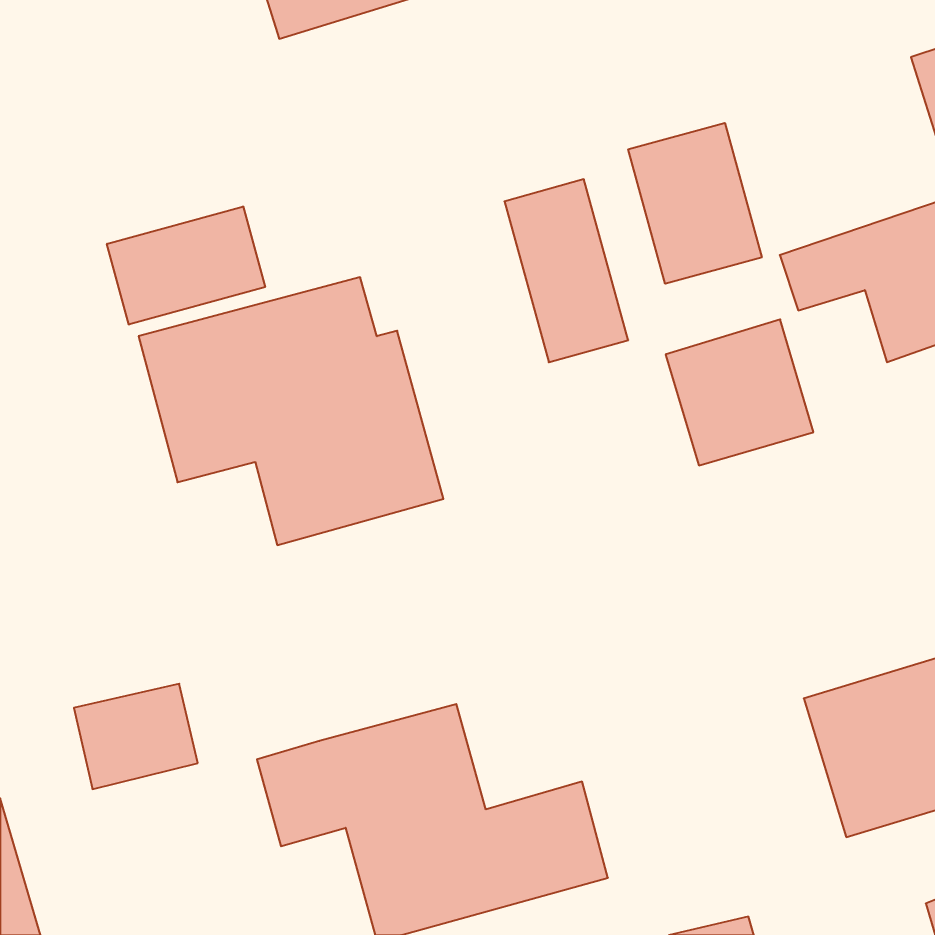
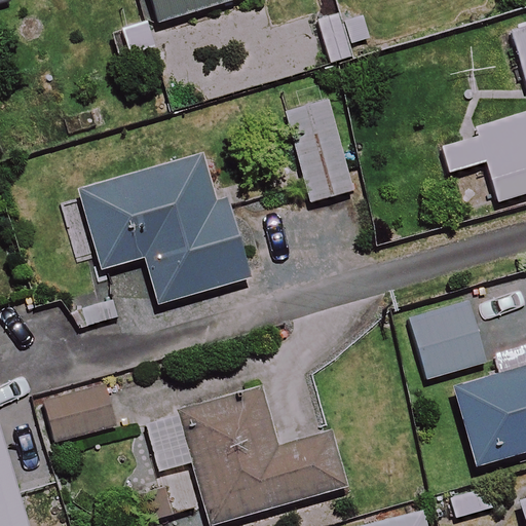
building: [628,123,762,284] -> none
building: [107,206,265,325] -> none
building: [666,319,813,465] -> [405,297,487,378]

